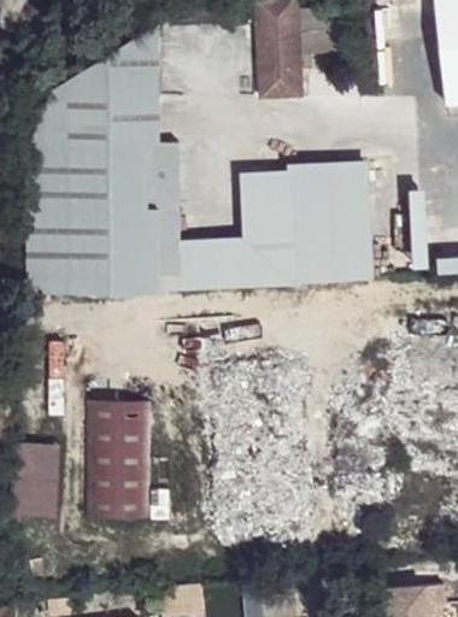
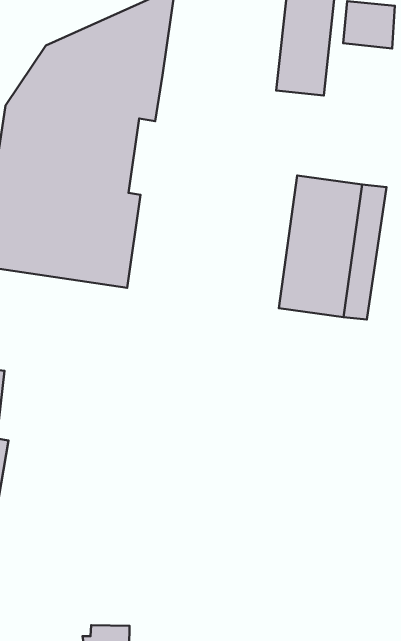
building: [143,140,292,290] -> none
building: [88,402,152,518] -> none

